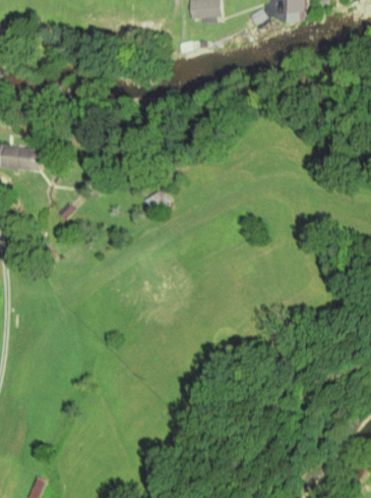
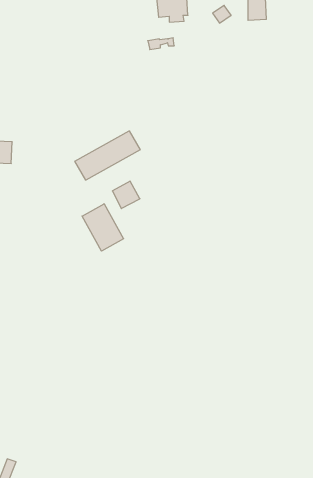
building: none -> [75,131,140,180]
building: none -> [82,204,124,251]

